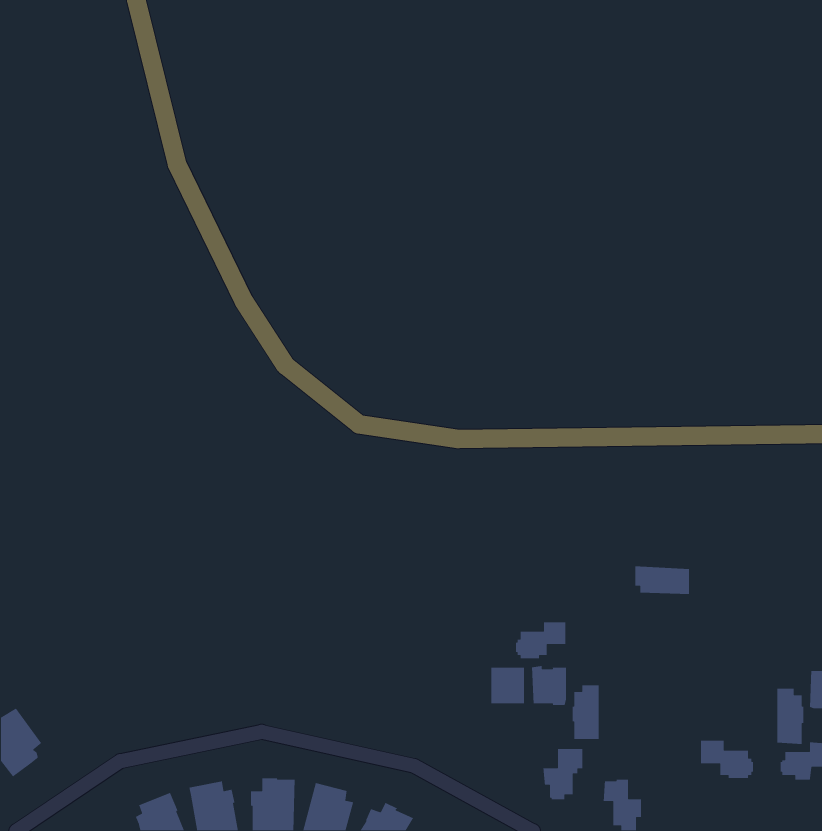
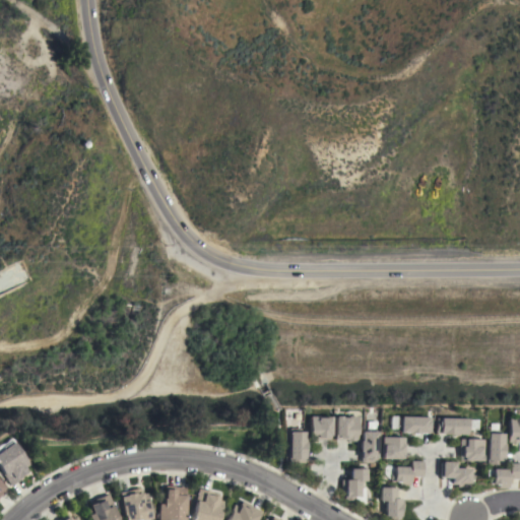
building: [635,565,690,595] -> [399,415,434,434]
building: [515,622,566,659] -> none
building: none -> [438,417,473,435]
building: none -> [291,432,308,463]
building: none -> [384,437,408,459]
building: none -> [462,439,486,461]
building: none -> [393,461,426,485]

